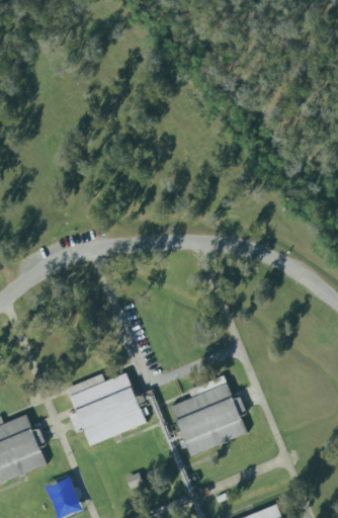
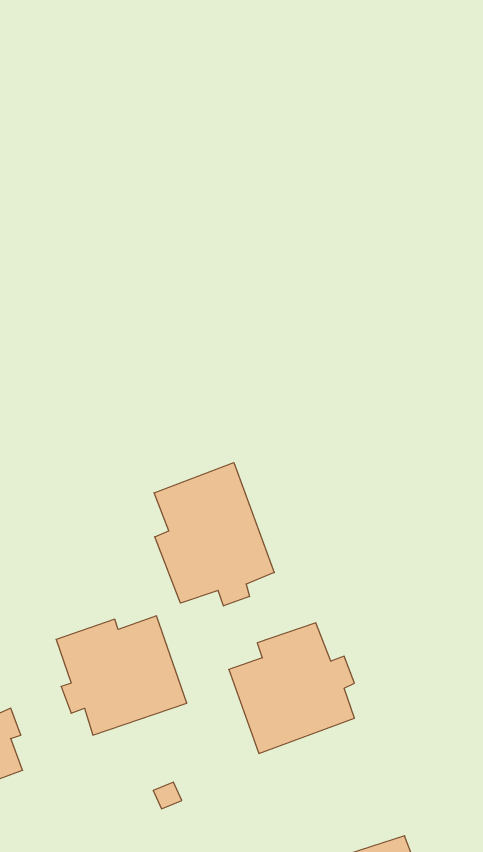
building: none -> [154,463,274,606]

